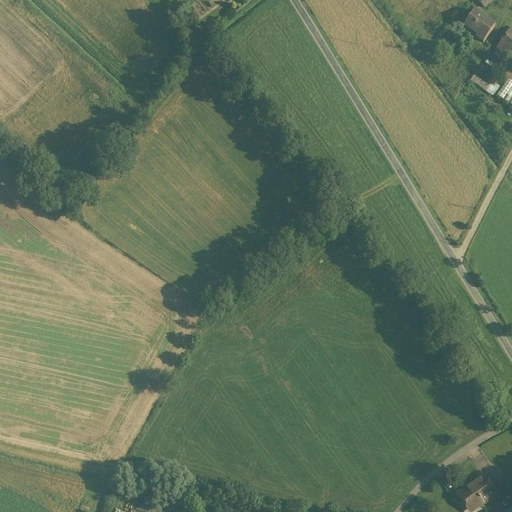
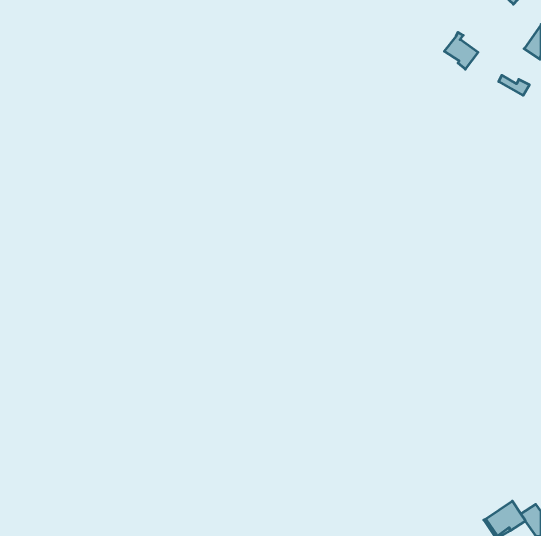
building: [463,4,495,39] -> [444,32,478,69]

